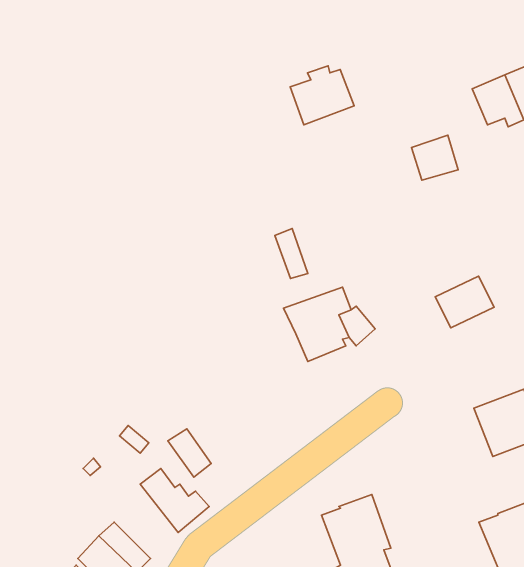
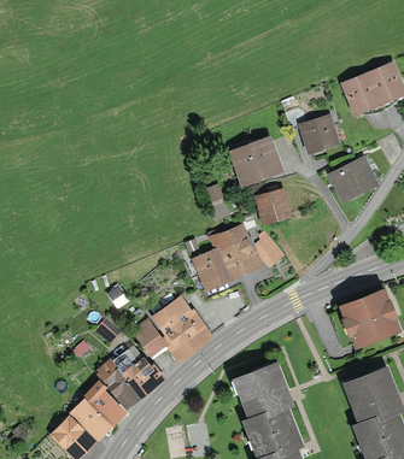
building: [290,66,354,125] -> [234,139,279,180]
building: none -> [257,192,286,220]
building: [435,276,494,328] -> [333,160,374,196]
building: none -> [185,249,230,284]
building: none -> [158,305,207,358]
building: none -> [98,360,140,404]

